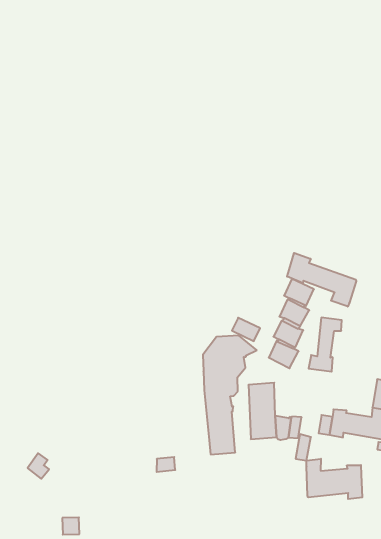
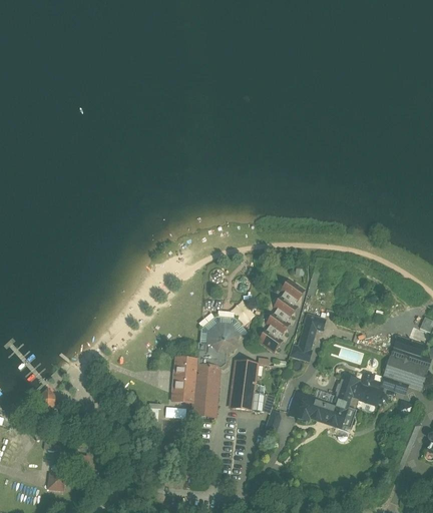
building: [287,253,356,307] -> none
building: none -> [171,357,197,402]
building: [307,459,362,499] -> none

